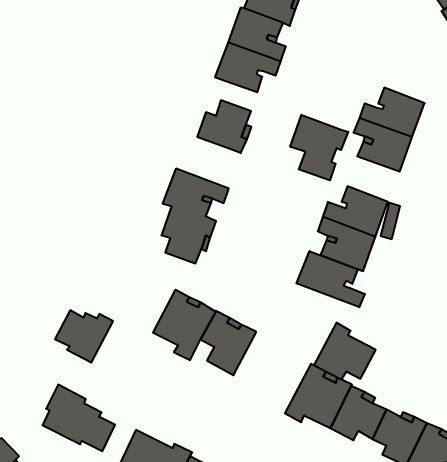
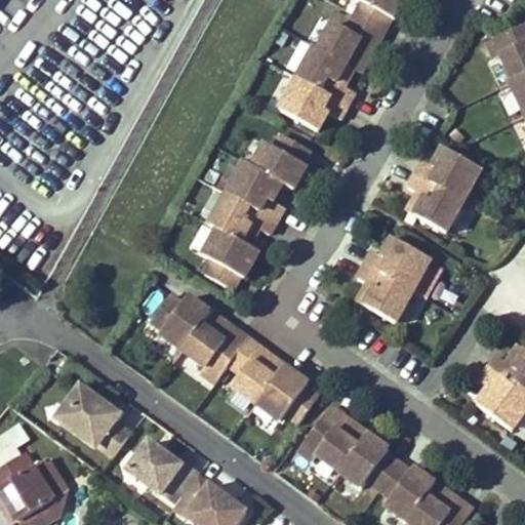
building: [290,115,348,180] -> none
building: none -> [229,160,284,219]
building: [296,251,365,307] -> none
building: [55,310,113,363] -> [149,293,208,348]
building: [314,323,376,380] -> [252,364,315,422]

